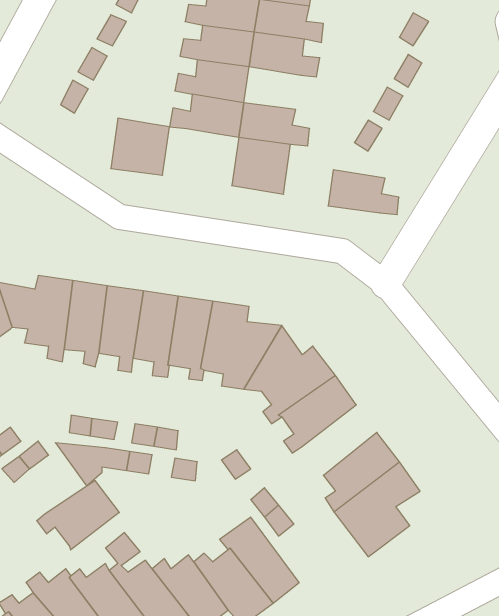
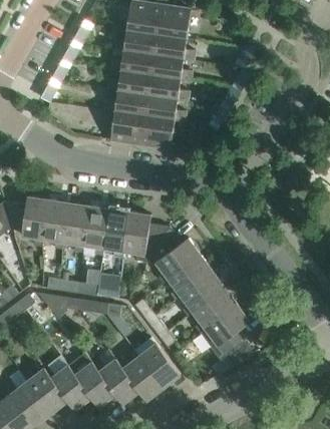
building: [111,118,170,175] -> [111,111,145,144]
building: [328,170,399,215] -> [148,75,190,101]
building: none -> [183,272,226,317]
building: [37,480,119,550] -> none

